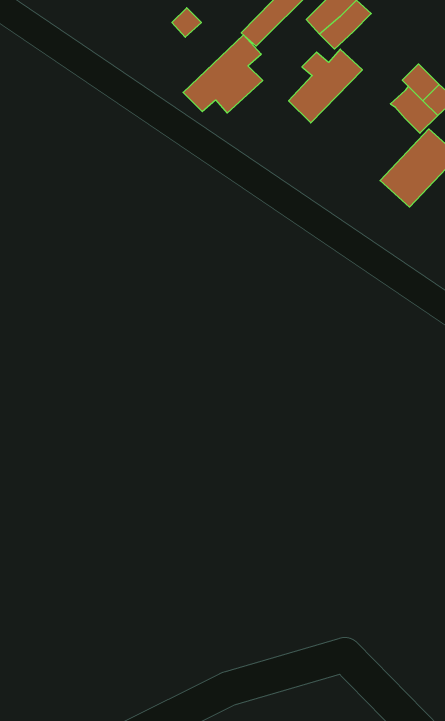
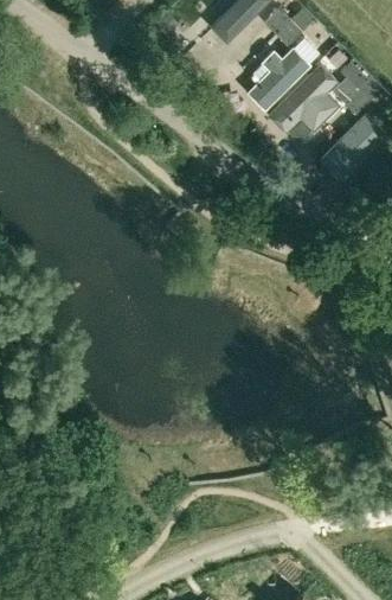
building: [183,35,263,113] -> [272,68,336,130]

